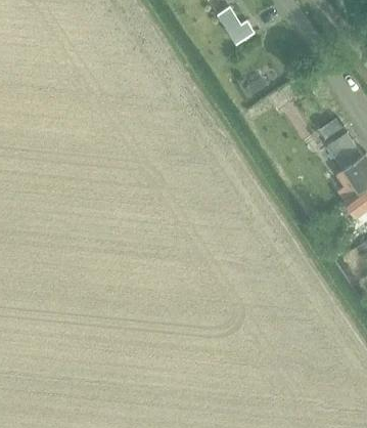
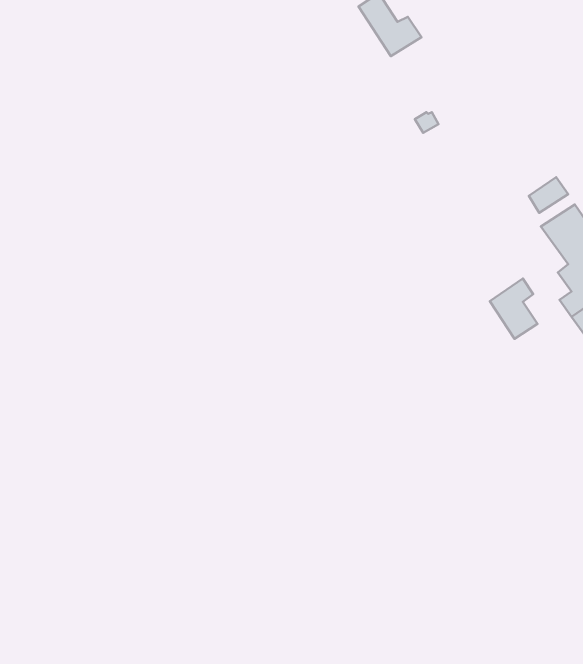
building: none -> [490,278,538,339]

